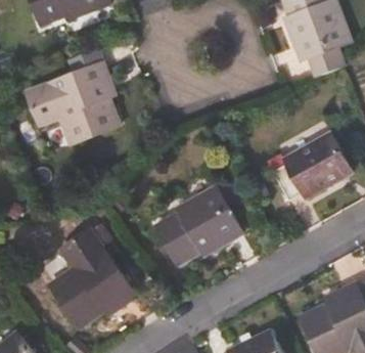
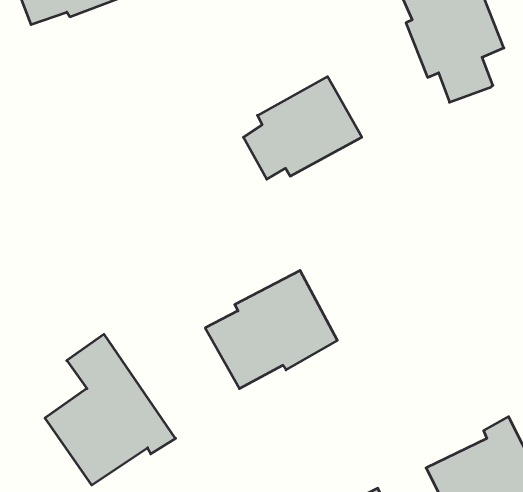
building: [27,64,120,145] -> none
building: [275,133,353,201] -> [243,77,362,179]

